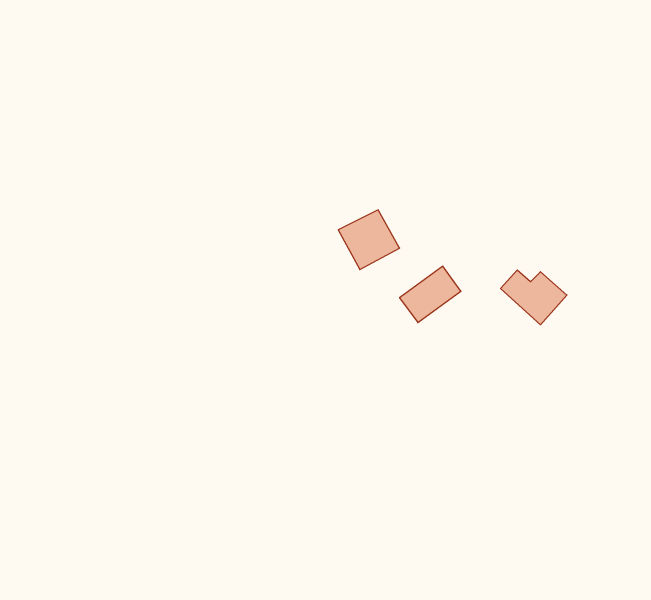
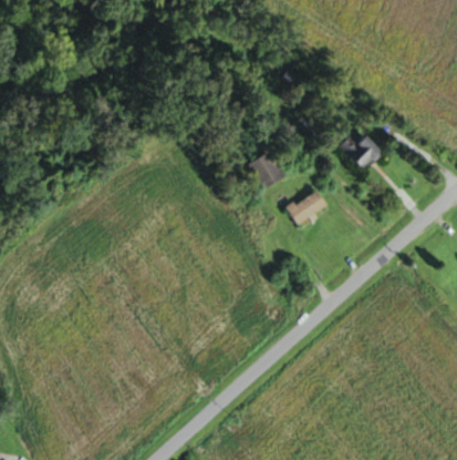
building: [501,270,567,325] -> [337,134,382,171]

